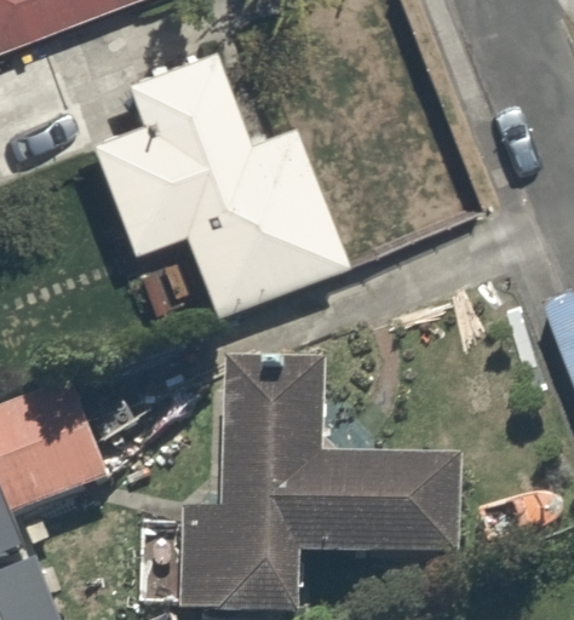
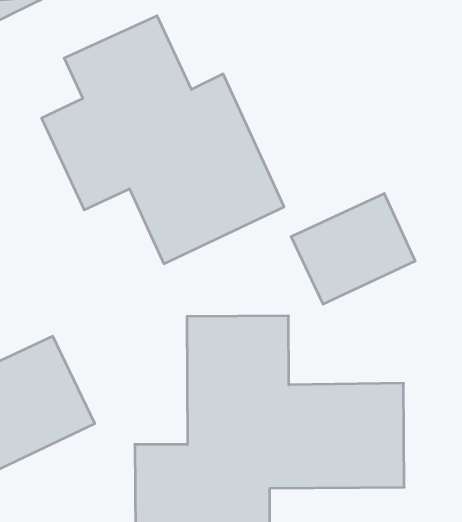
building: none -> [291,193,415,304]

